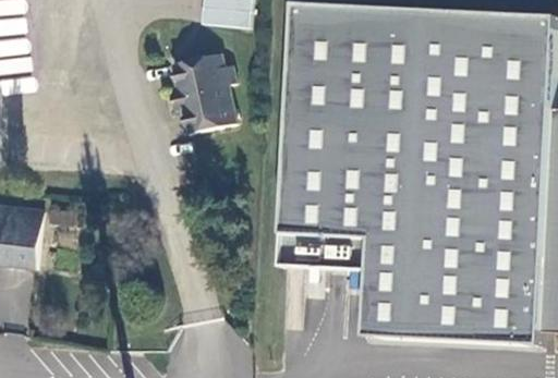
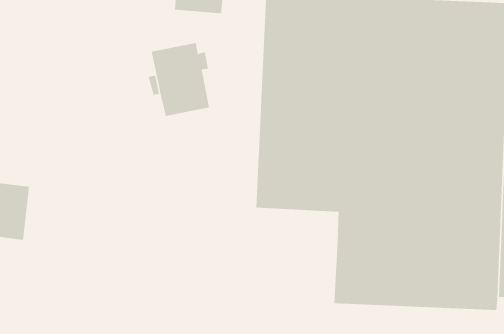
building: [282,232,372,268] -> none

